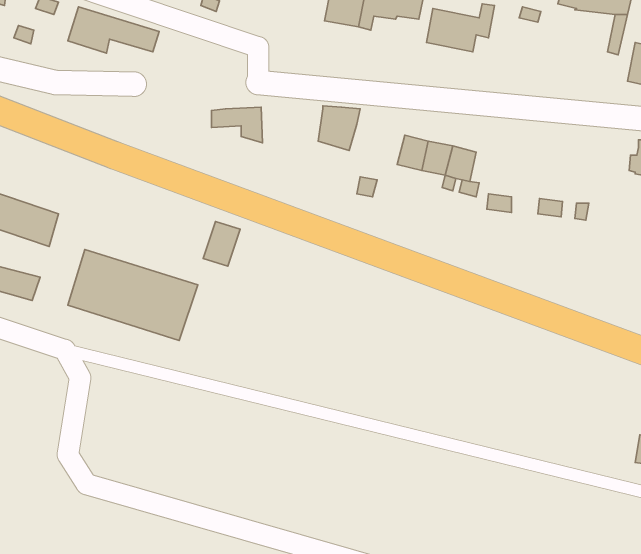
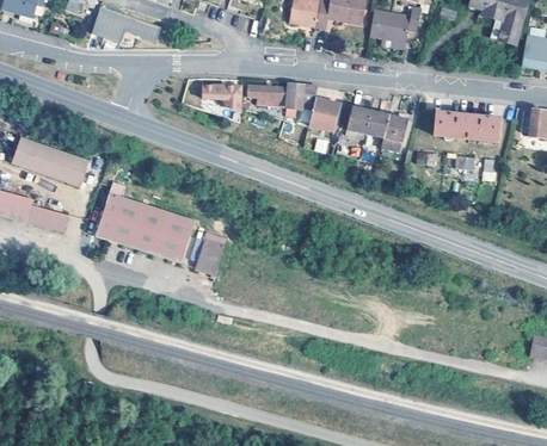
building: none -> [483,8,515,41]
building: none -> [247,83,289,110]
building: none -> [308,97,340,130]
building: none -> [434,110,500,141]
building: [203,221,240,266] -> [192,240,221,274]

